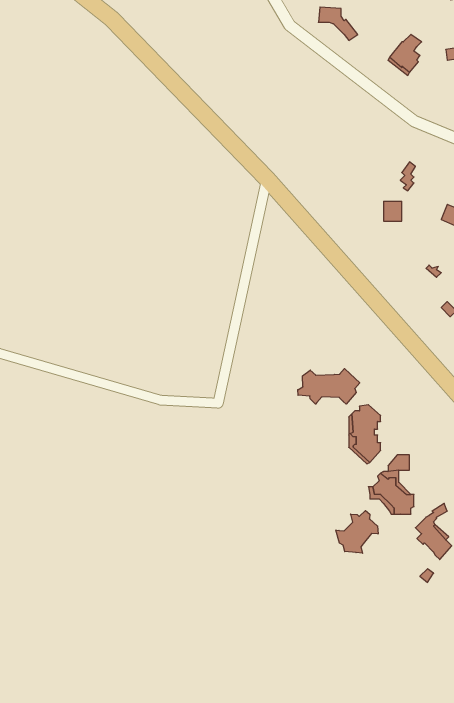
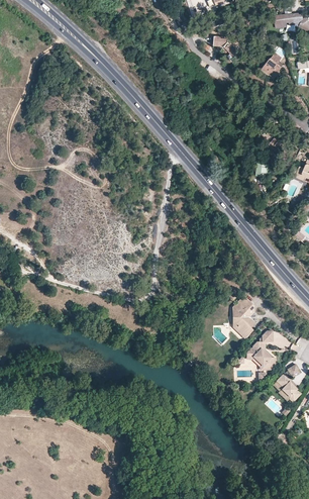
building: [298,369,360,404] -> none
building: [336,511,378,553] -> none

